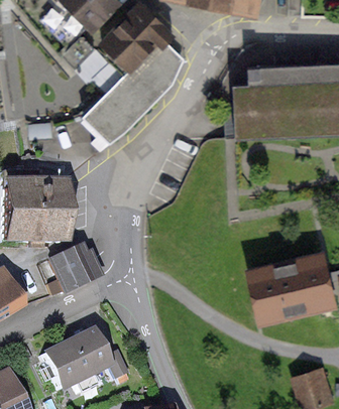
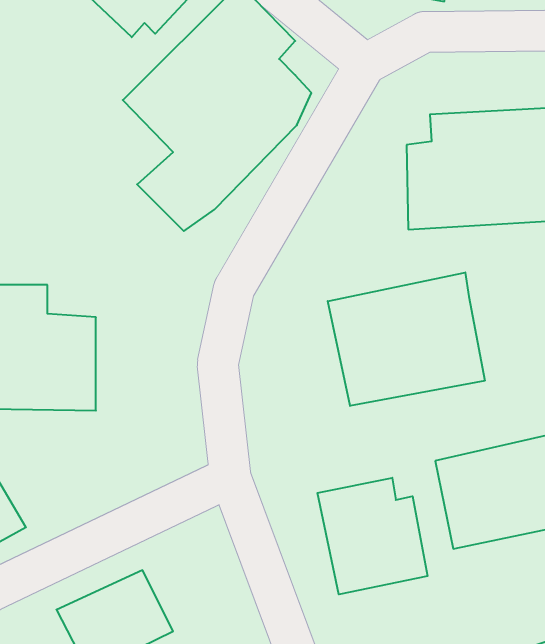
building: none -> [328,272,485,406]
building: [46,247,94,292] -> none
building: none -> [317,478,428,594]

